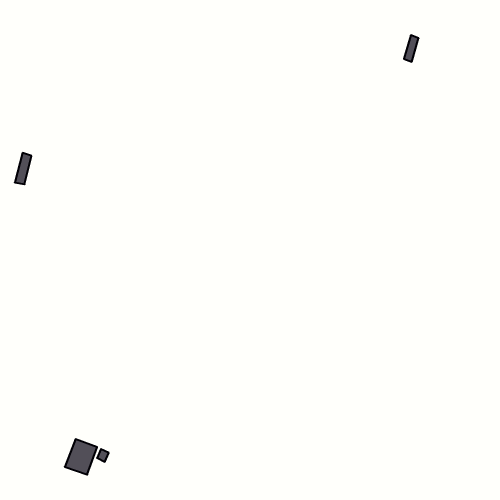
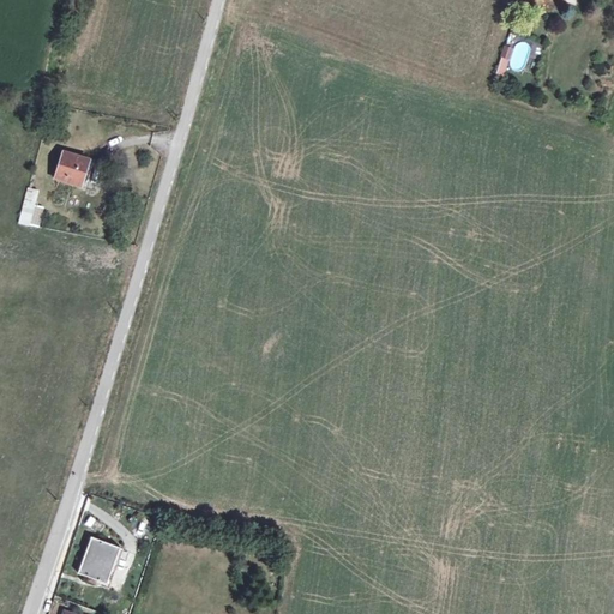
building: none -> [56,152,89,186]

